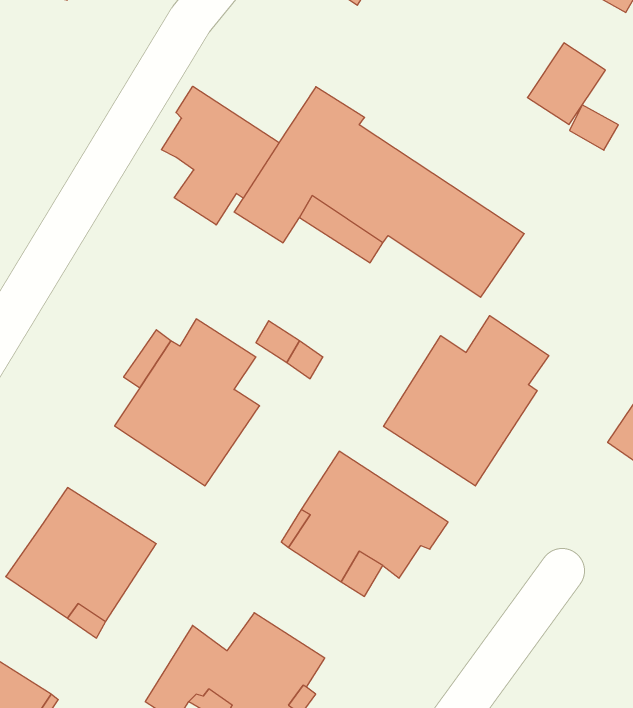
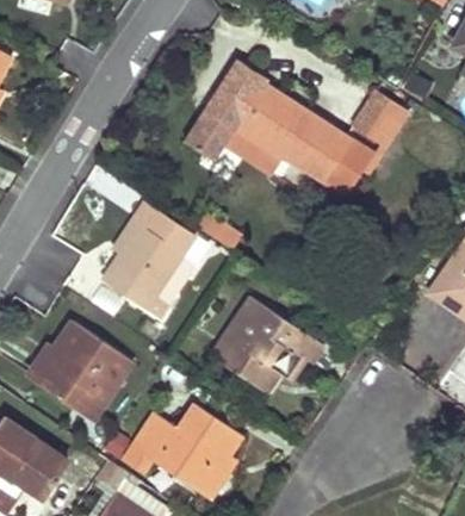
building: [527,43,605,125] -> [351,91,402,144]
building: [161,86,279,225] -> none
building: [384,316,549,486] -> none

